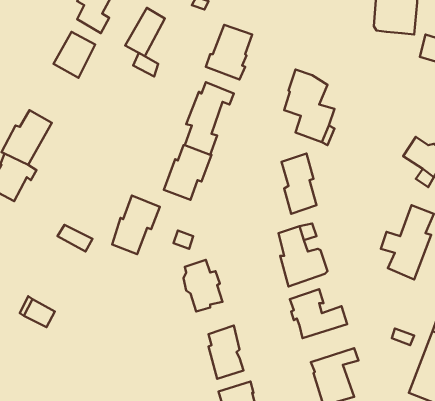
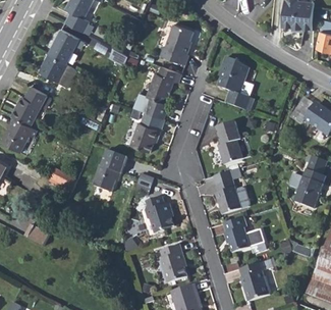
building: [125,8,165,56] -> none
building: none -> [39,52,68,81]

